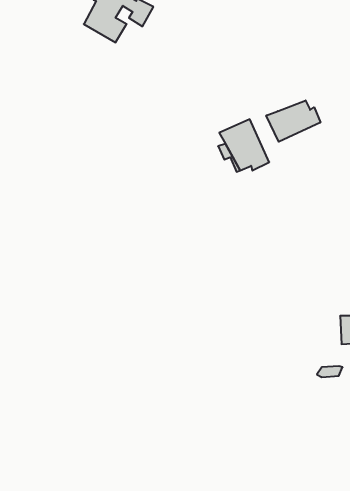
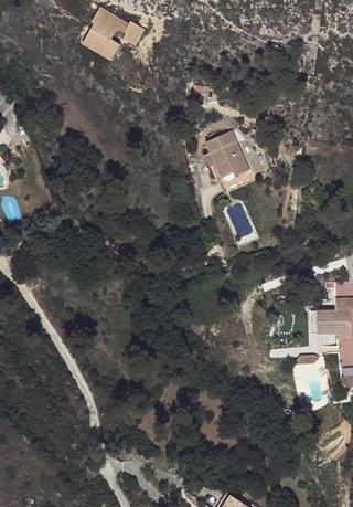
building: [266,100,320,142] -> none

